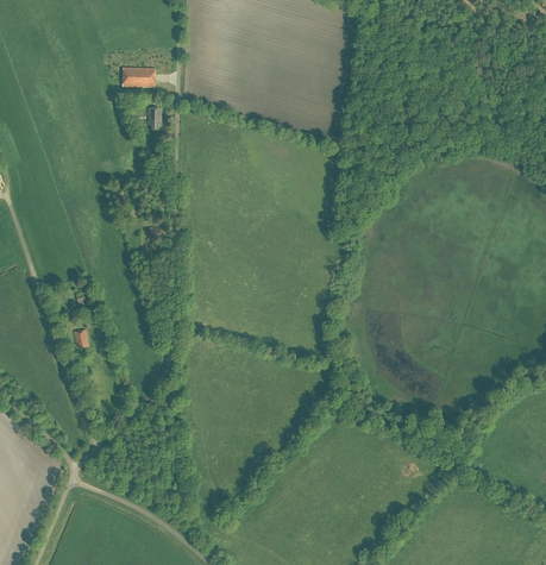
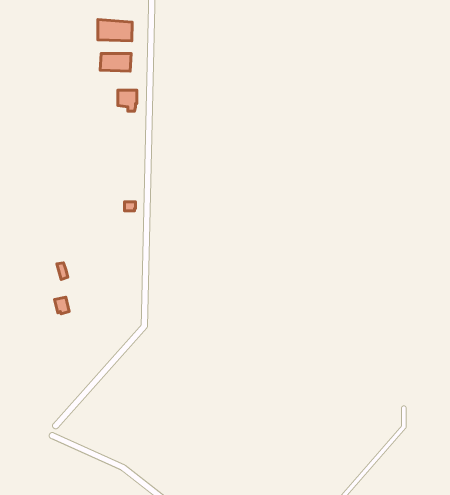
building: none -> [98,20,132,41]

